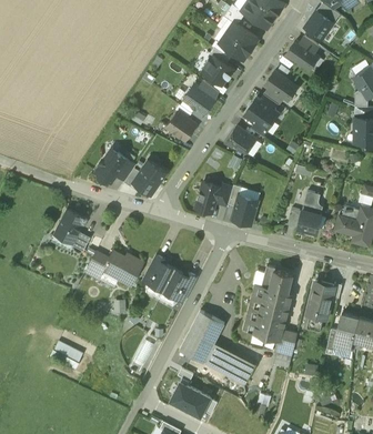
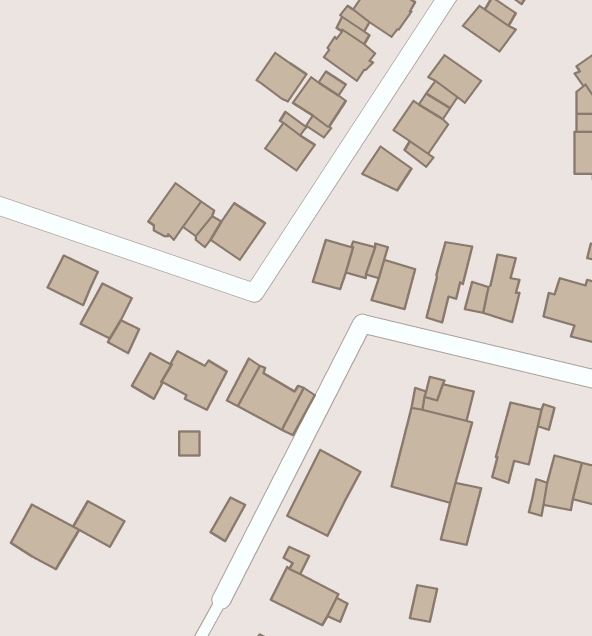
building: none -> [257,53,306,101]
building: none -> [427,242,472,323]
building: none -> [48,255,98,305]
building: [203,343,254,384] -> none
building: none -> [11,504,79,569]

